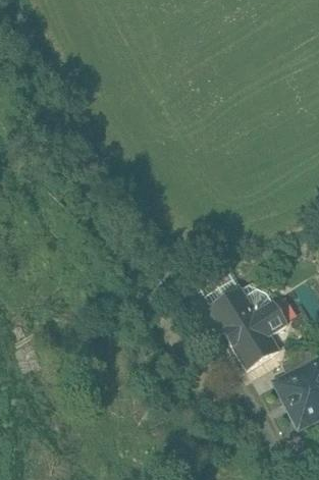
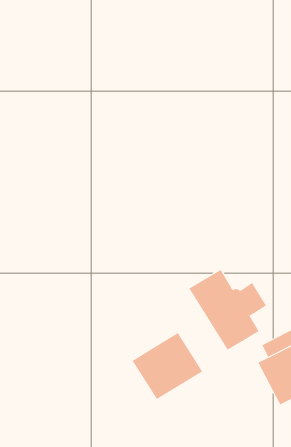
building: none -> [132,332,203,400]

